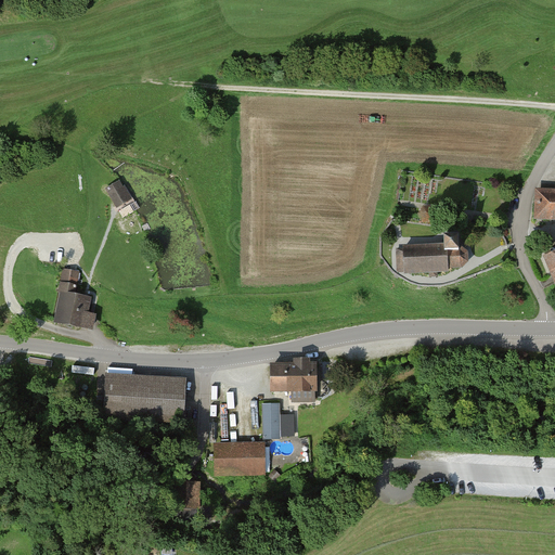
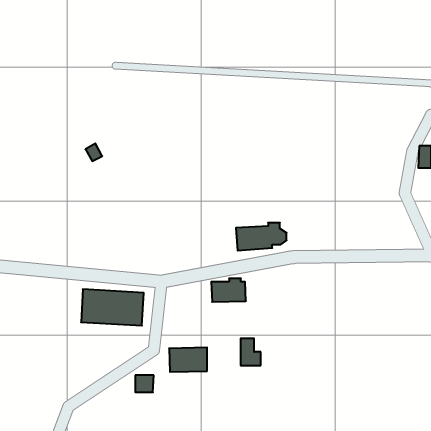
building: [402,236,467,272] -> [236,223,287,251]
building: [54,266,94,326] -> none
building: [263,403,289,438] -> [241,338,261,365]

